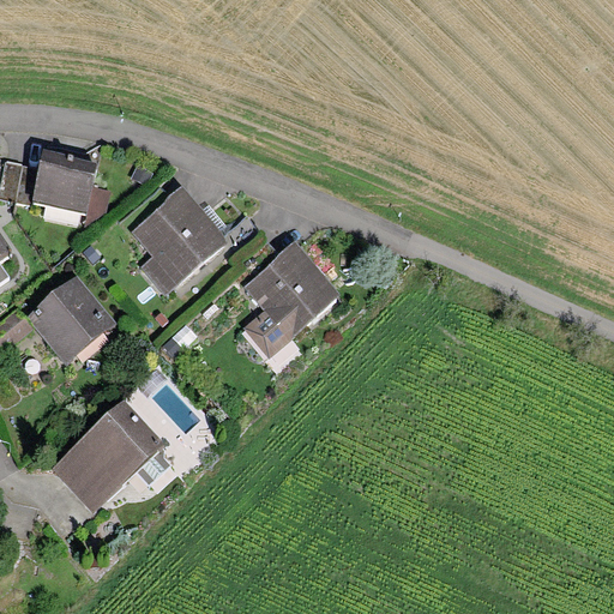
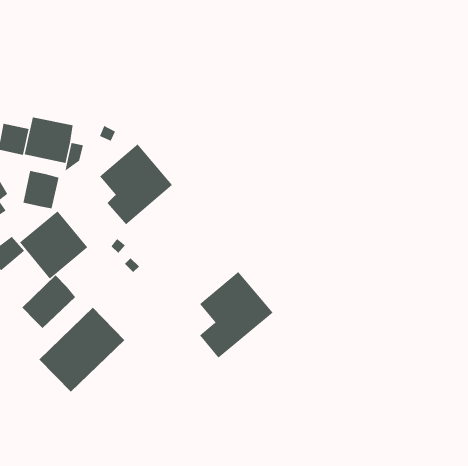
building: none -> [23,170,59,209]
building: [242,242,339,356] -> [199,271,273,358]
building: none -> [22,274,76,329]

